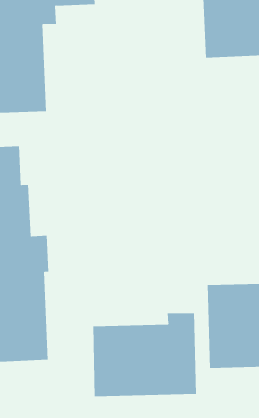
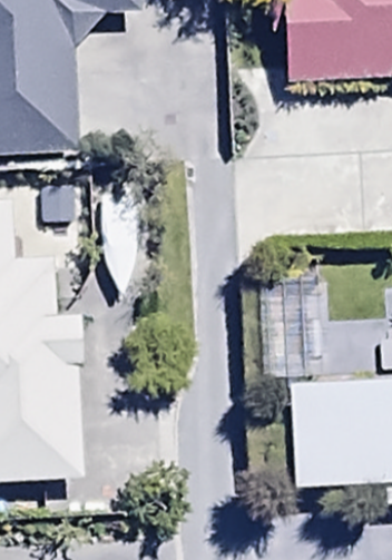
building: [93,312,197,397] -> none

